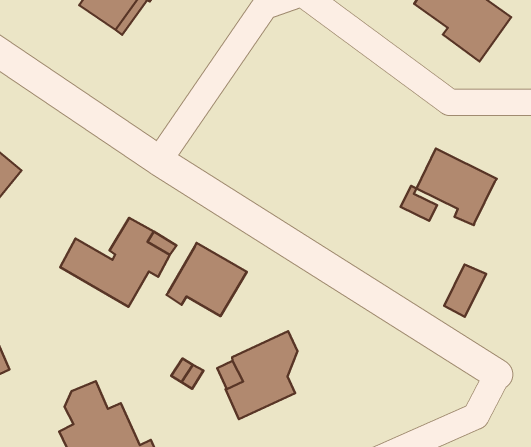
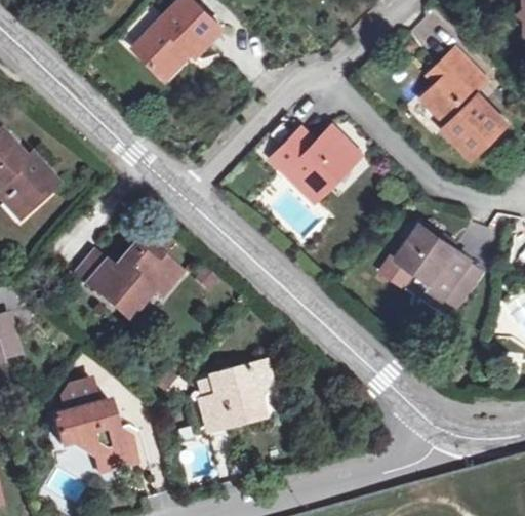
building: none -> [272,130,358,201]
building: [166,243,247,316] -> none
building: [444,265,486,317] -> [442,262,483,307]

